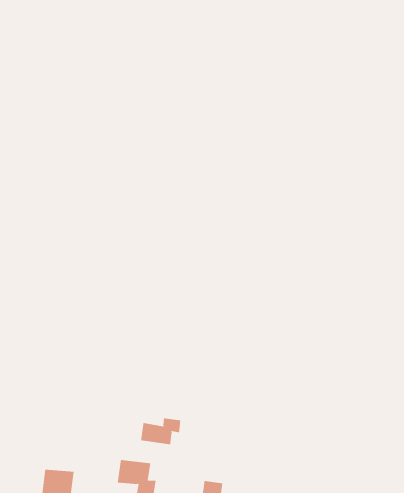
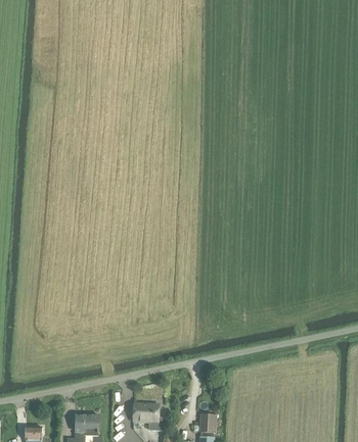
building: [141,418,181,445] -> none

